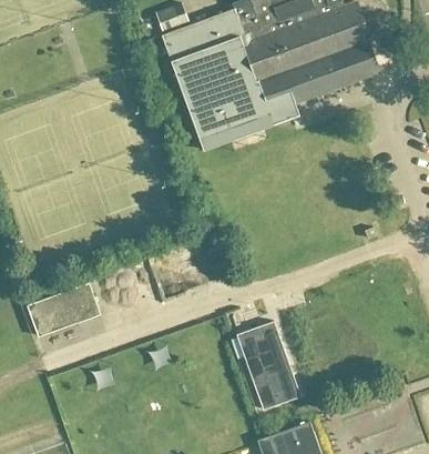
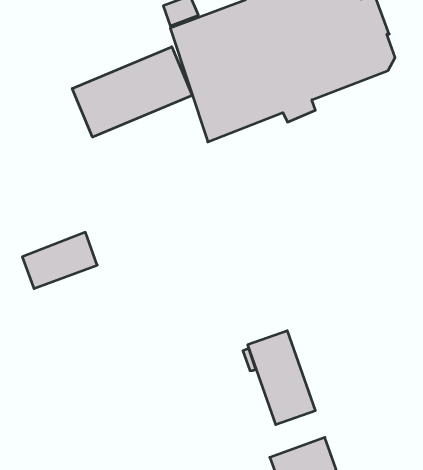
building: none -> [72,47,192,137]
building: [28,284,99,337] -> [22,232,97,289]

